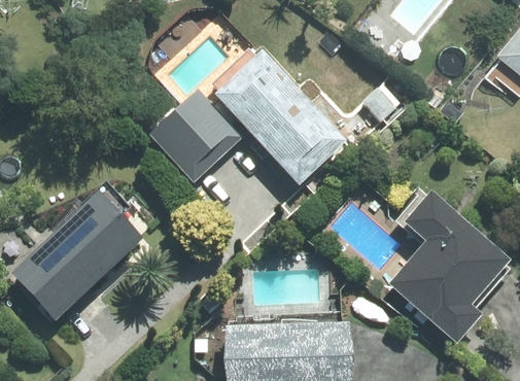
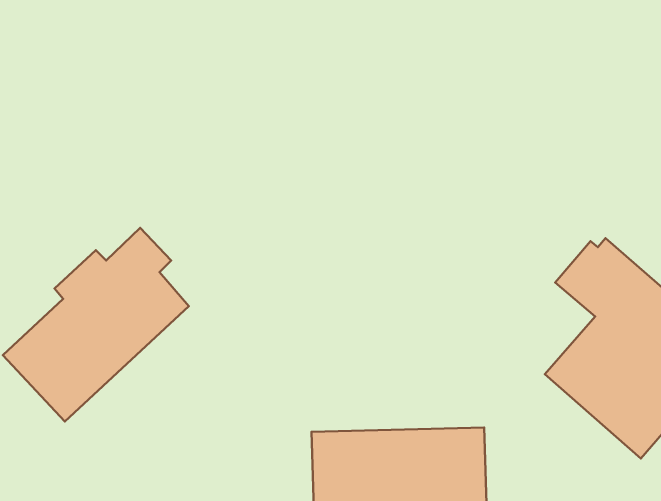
building: [212,49,346,183] -> none
building: [150,90,242,181] -> none

